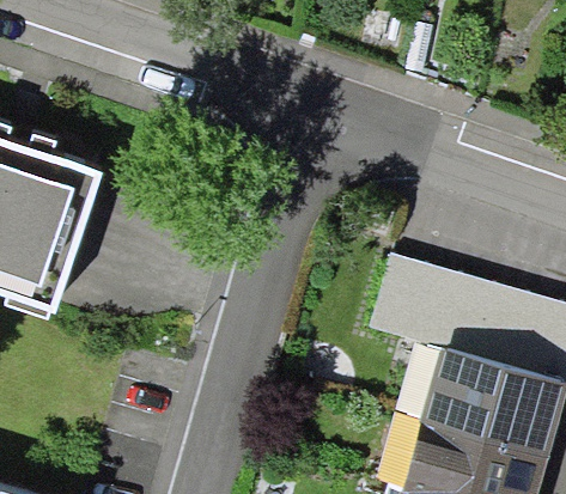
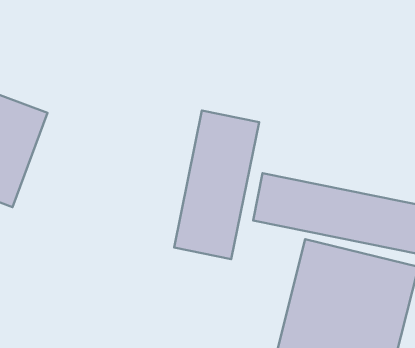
building: none -> [174,110,259,259]

